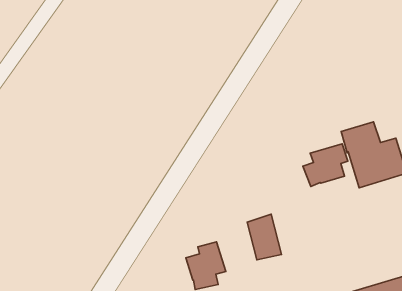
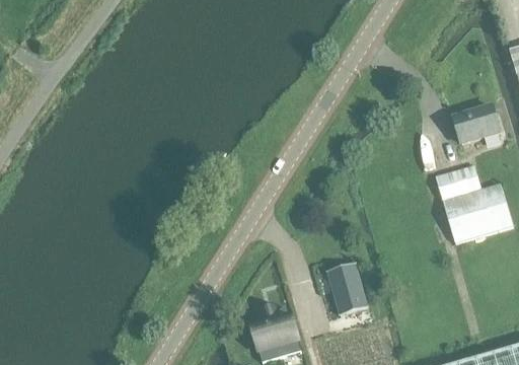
building: none -> [454,104,501,144]
building: [303,144,348,186] -> none

